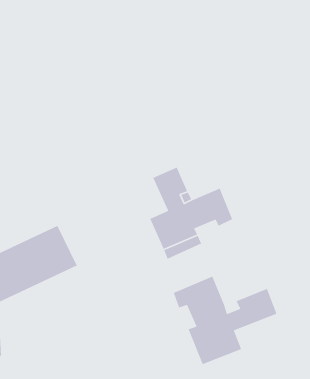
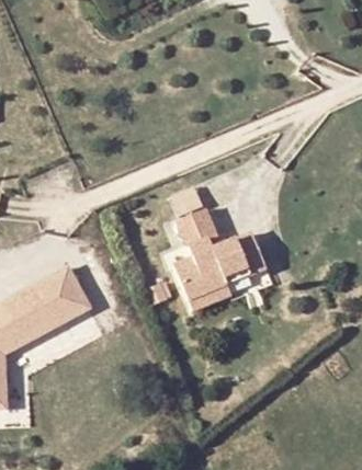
building: [173,275,278,365] -> none

